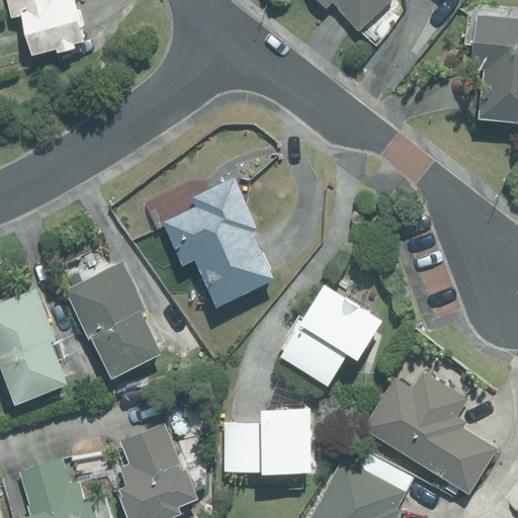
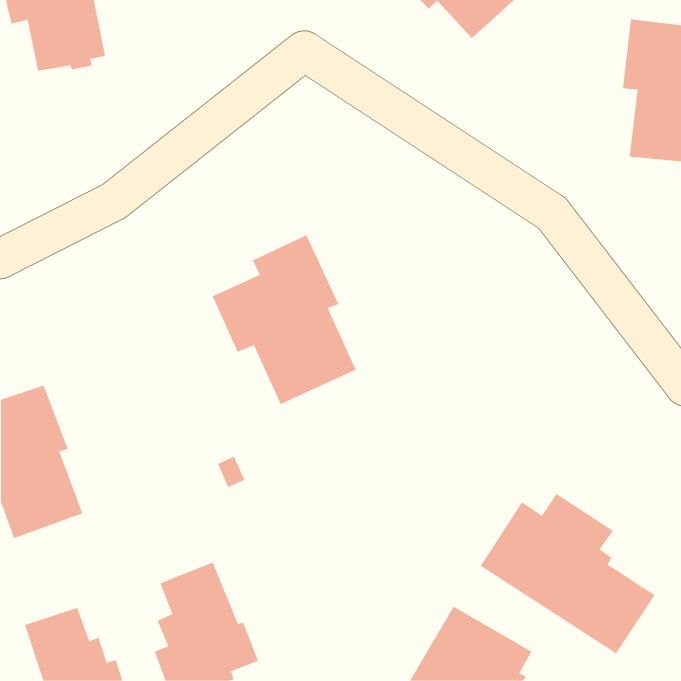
building: [66,264,159,378] -> none
building: [279,285,379,386] -> none
building: [224,408,310,476] -> none

